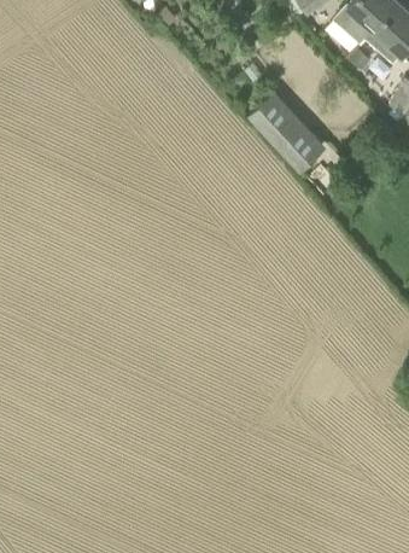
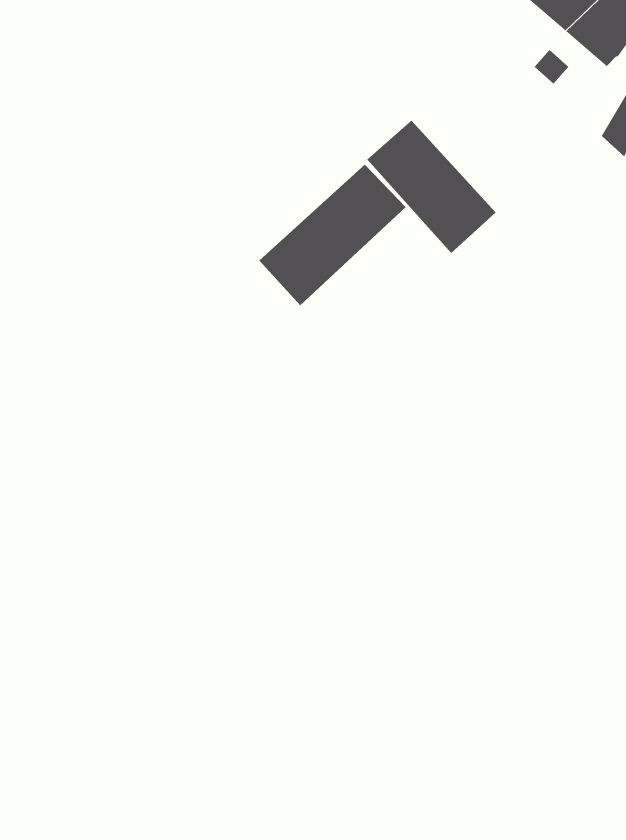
building: none -> [259,164,407,306]

